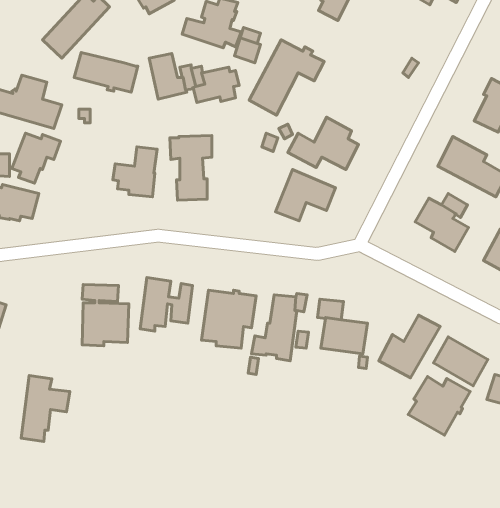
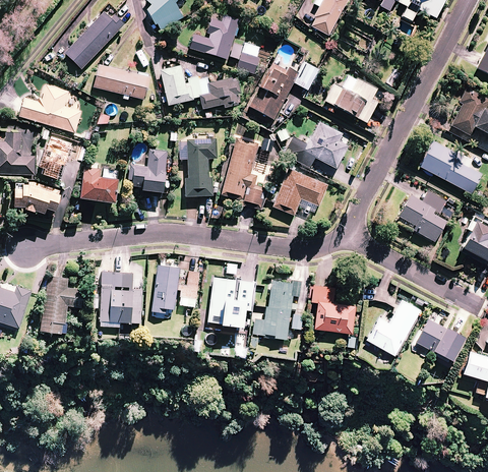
building: none -> [324,78,378,123]
building: none -> [223,136,267,210]
building: none -> [80,167,119,204]
building: [21,375,70,441] -> [42,275,85,334]
building: [408,377,470,435] -> none

